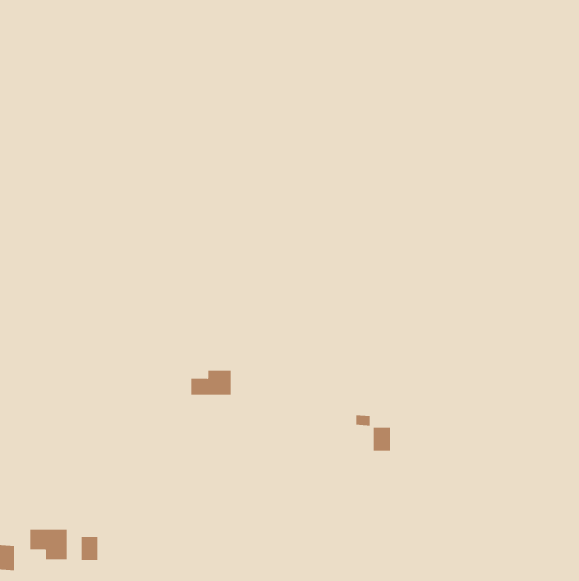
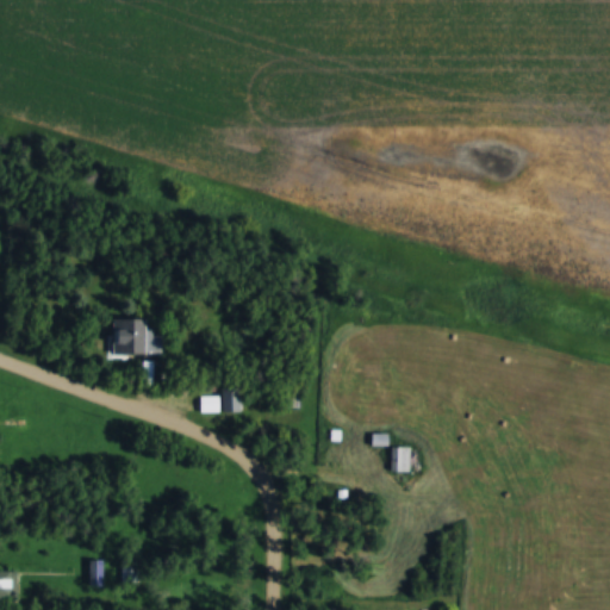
building: none -> [116,319,151,354]
building: [30,529,67,560] -> none

